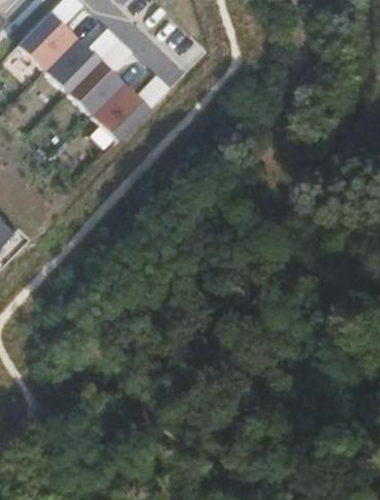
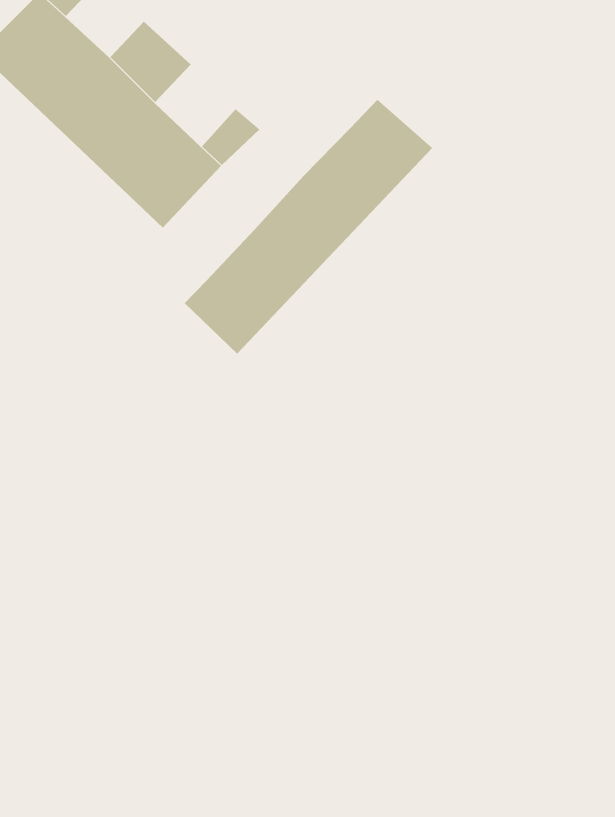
building: none -> [184,99,433,354]

